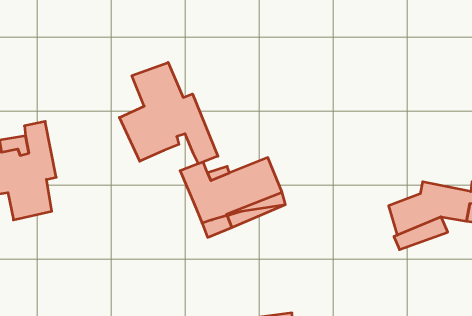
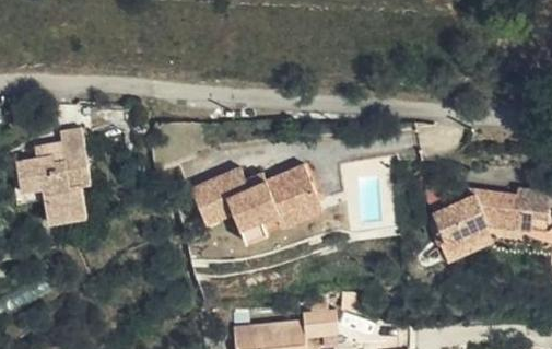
building: [119,62,218,164] -> none
building: none -> [193,175,234,220]

